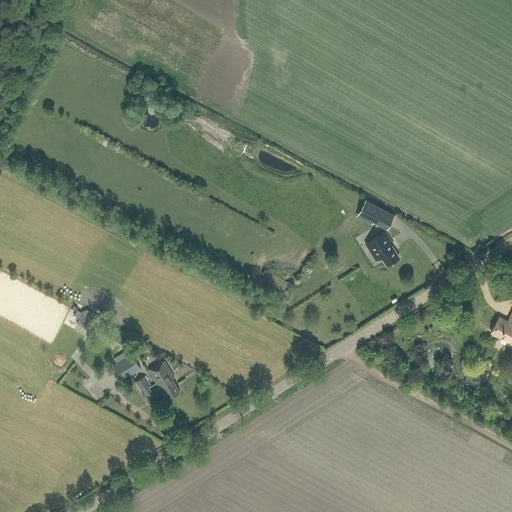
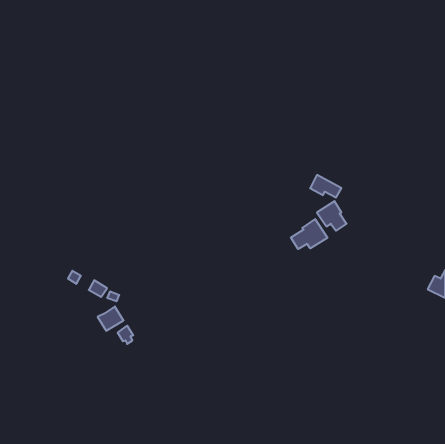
building: none -> [291,219,327,249]
building: [149,361,180,398] -> none

